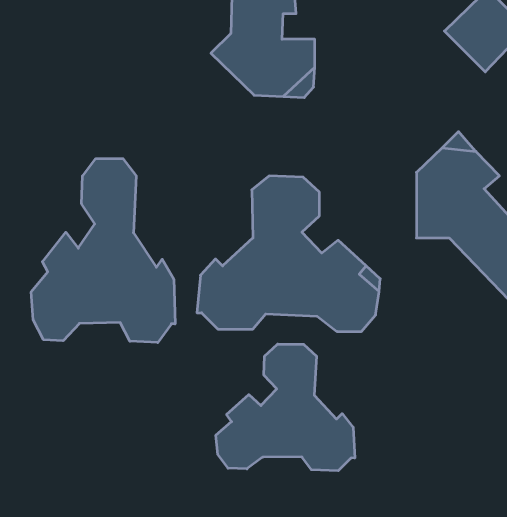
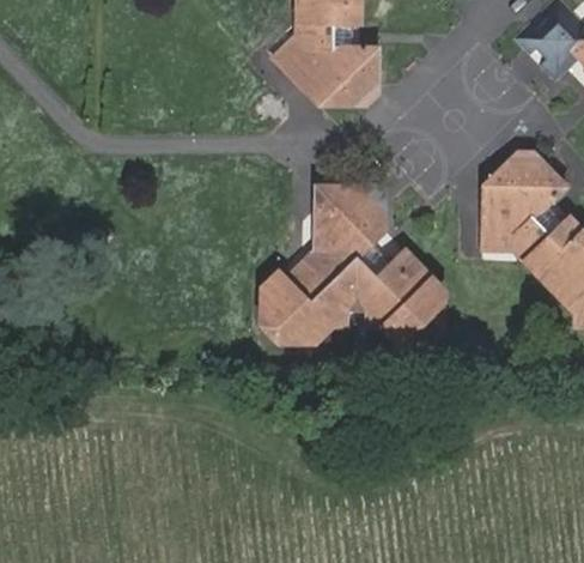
building: [31,159,175,343] -> none
building: [216,344,355,471] -> none

